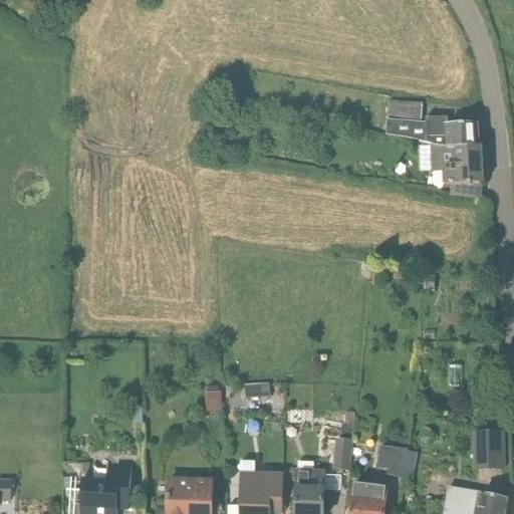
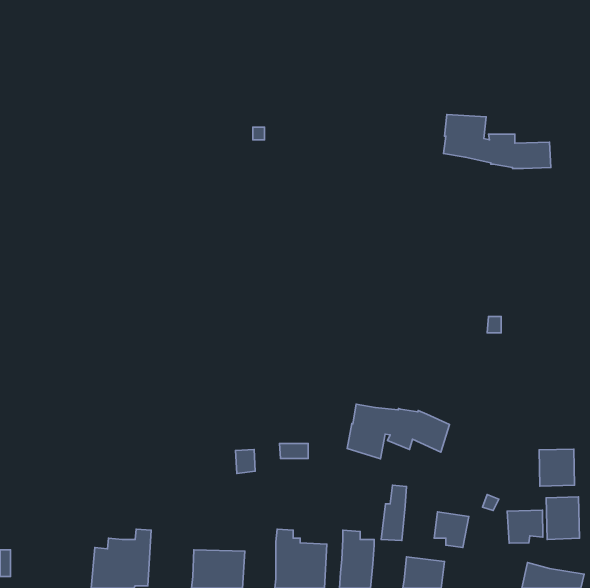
building: [429,143,481,199] -> none
building: none -> [347,404,449,459]
building: none -> [539,449,574,486]
building: none -> [507,510,543,543]

